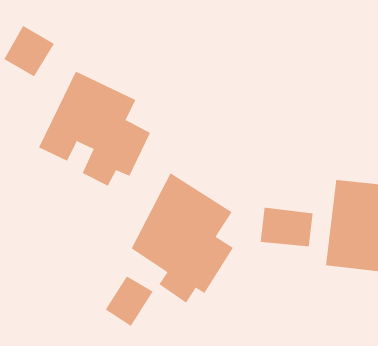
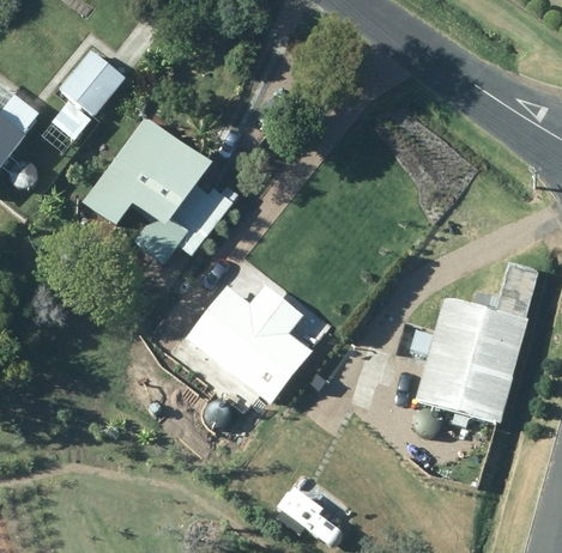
building: [260,207,313,247] -> none
building: [105,275,153,327] -> none

